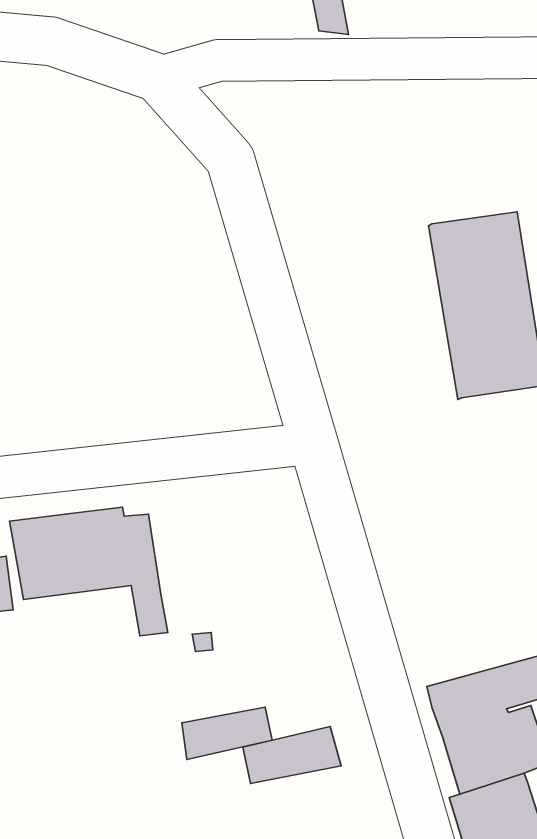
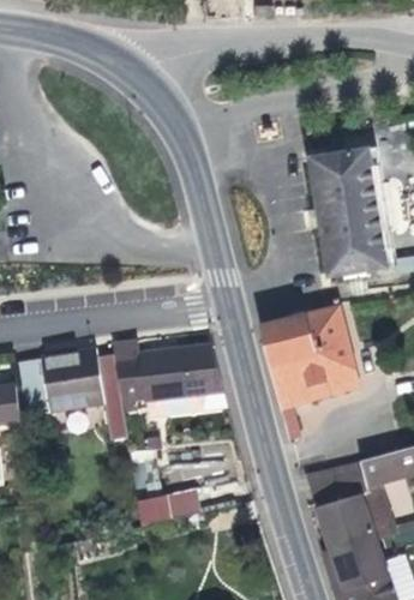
building: none -> [262,307,361,438]
building: none -> [113,338,223,416]
building: [243,727,341,783] -> none

